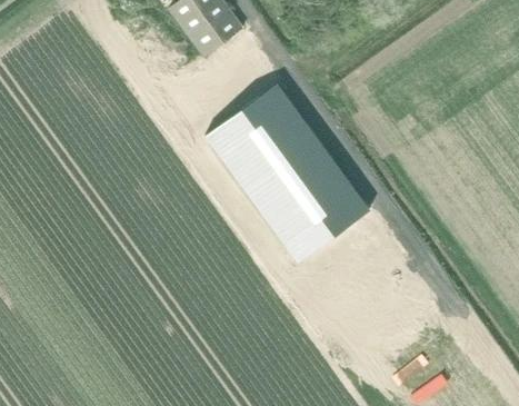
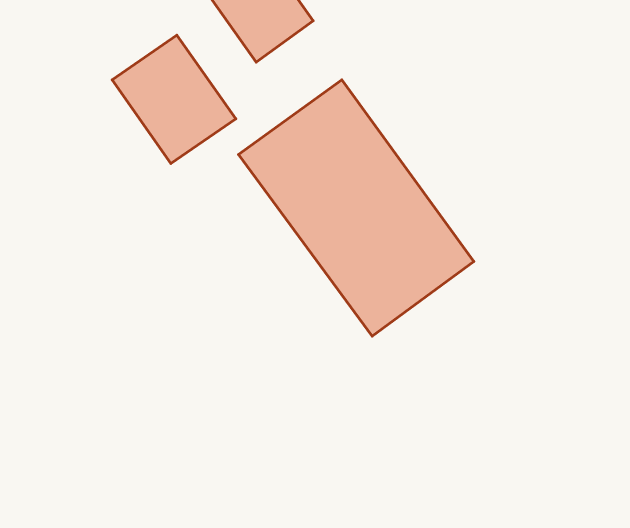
building: none -> [112,35,236,163]

